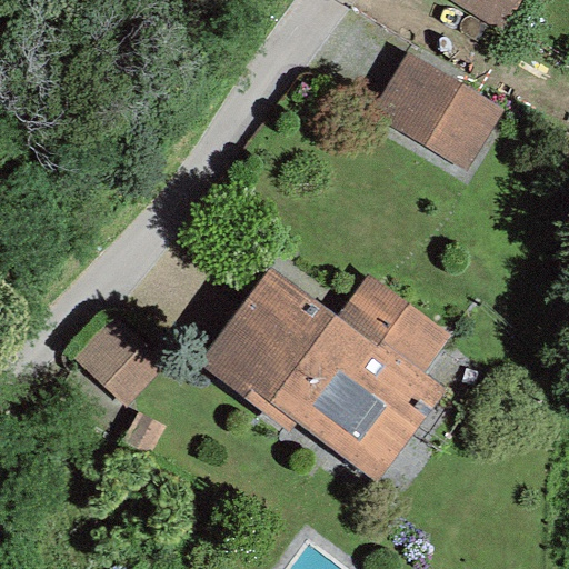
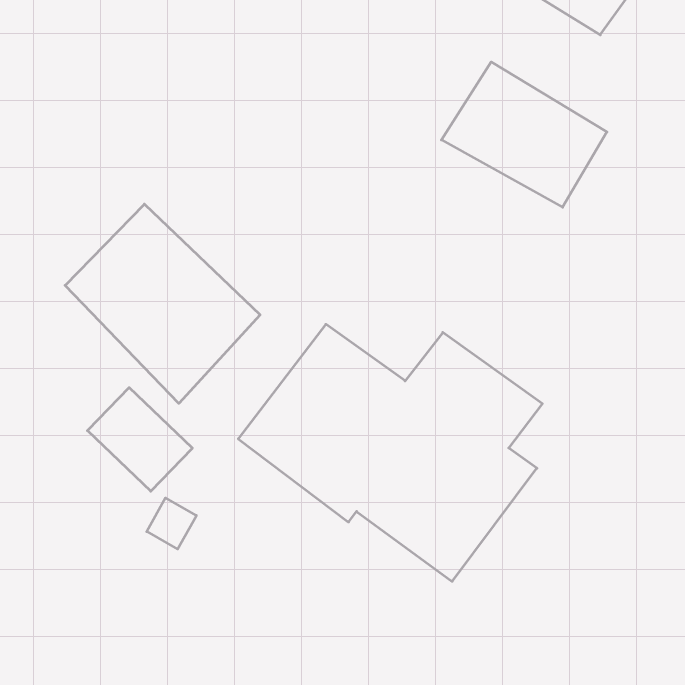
building: none -> [65,204,260,403]

